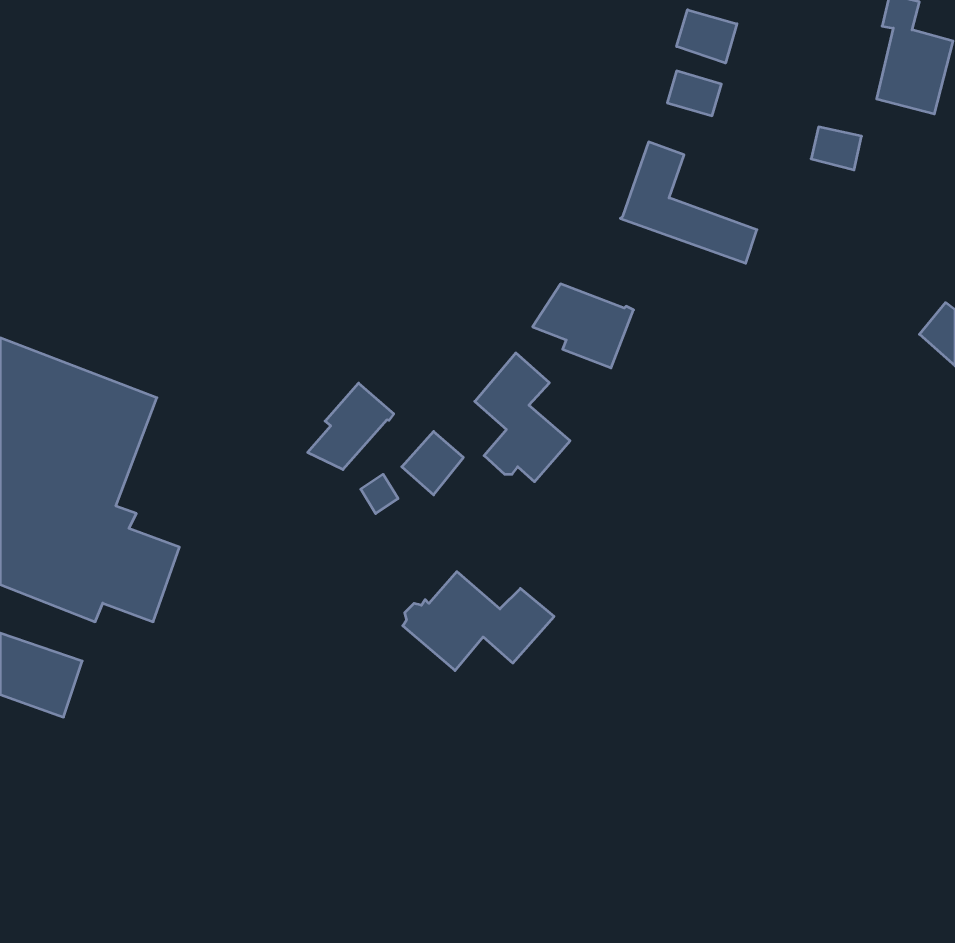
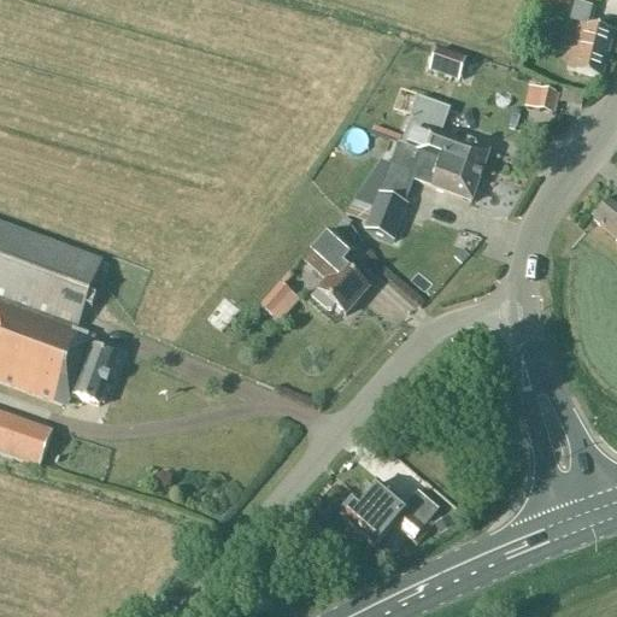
building: [677,10,737,63] -> none
building: none -> [362,137,481,199]
building: [308,383,394,470] -> none
building: [403,572,554,671] -> [342,480,440,543]

